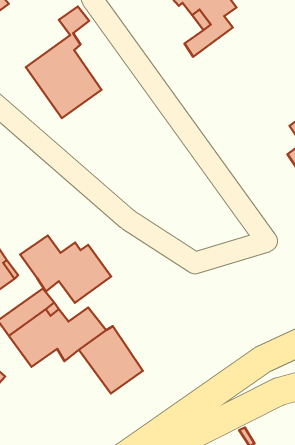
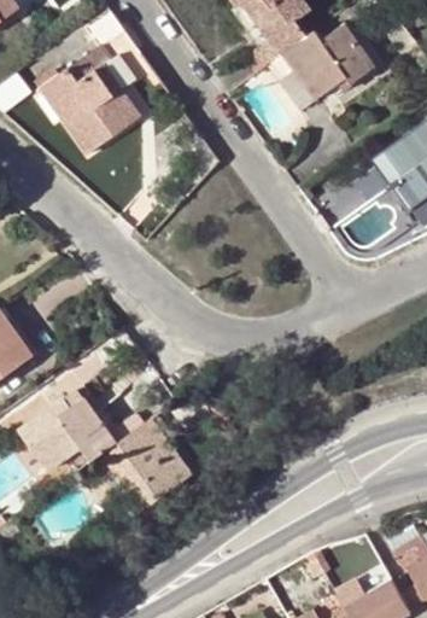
building: none -> [277,25,373,112]
building: [20,236,111,303] -> none

